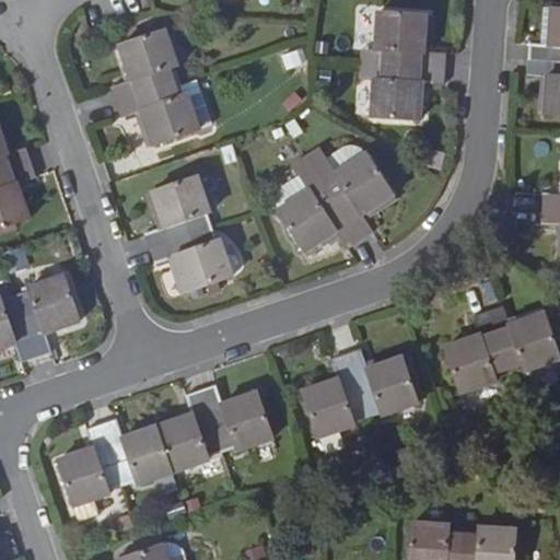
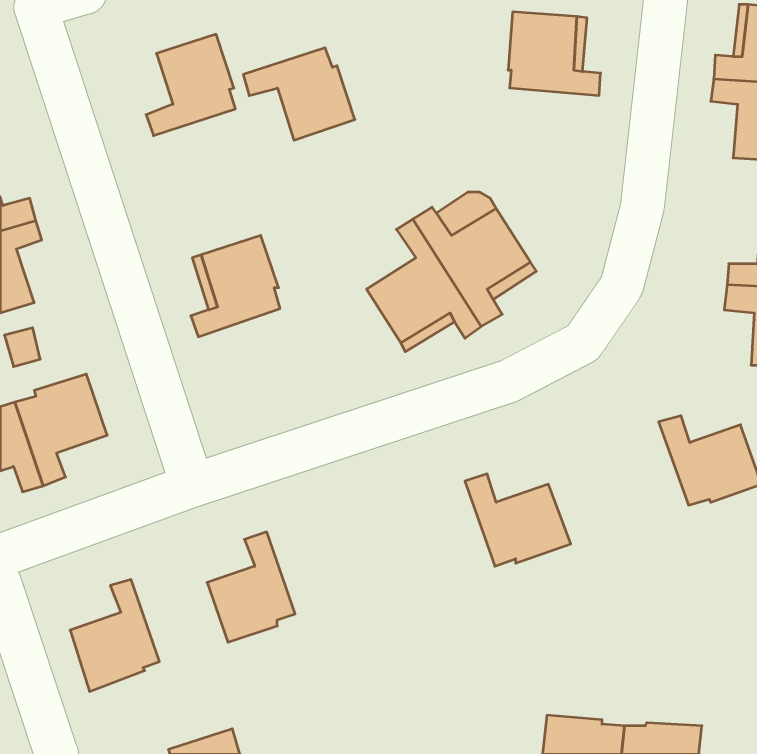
building: [371,65,443,125] -> none
building: [116,80,198,148] -> [243,48,355,140]
building: [149,226,230,294] -> none
building: [442,310,509,393] -> none
building: [300,353,366,436] -> none
building: [199,385,275,451] -> none
building: [100,420,171,486] -> none

